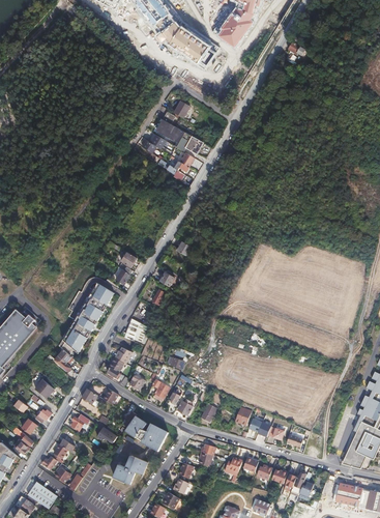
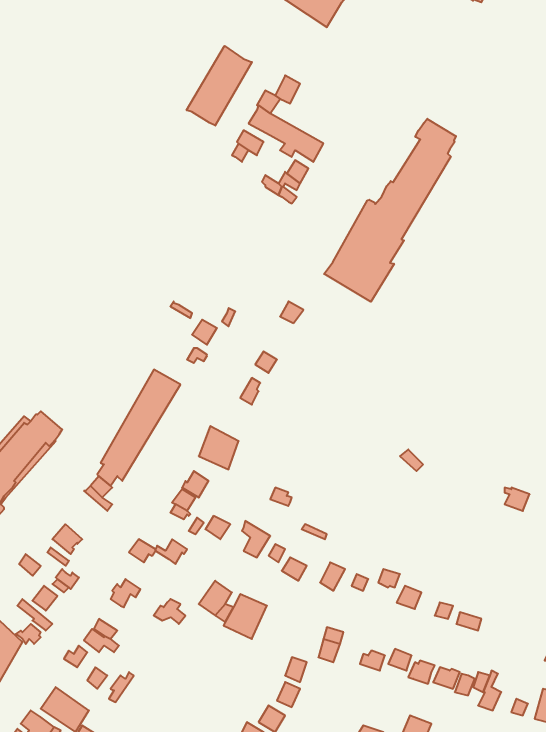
building: none -> [187,46,252,126]
building: none -> [324,119,456,302]
building: [113,455,148,484] -> none

